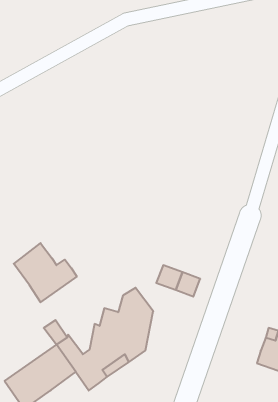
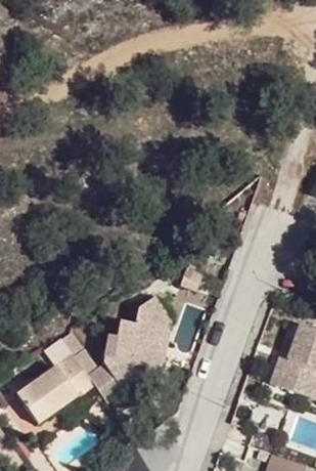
building: [14,243,77,302] -> none

